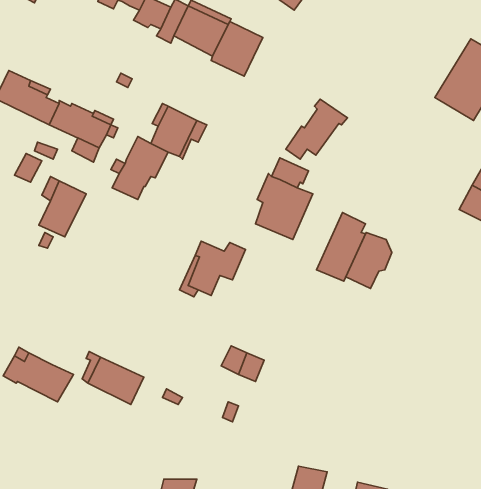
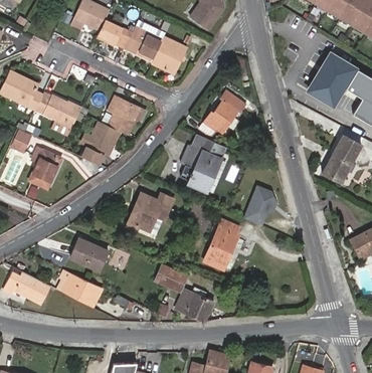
building: [317,212,365,281] -> [204,220,238,268]
building: none -> [70,238,108,270]
building: none -> [176,288,212,321]

